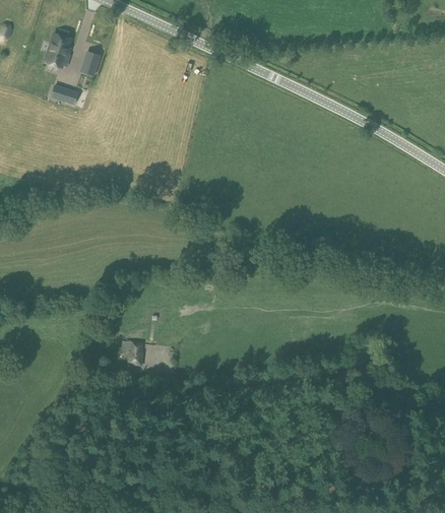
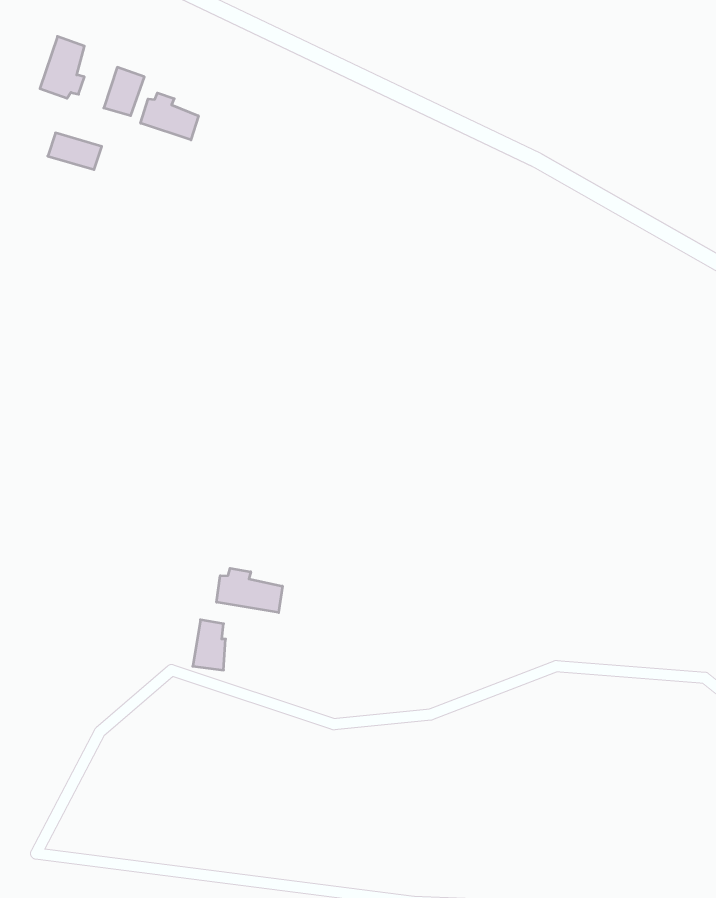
building: none -> [141,93,198,140]
building: none -> [217,568,282,613]

